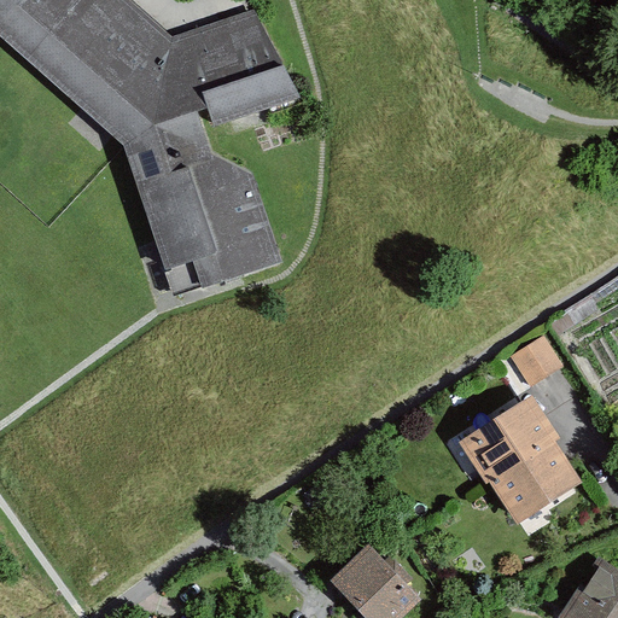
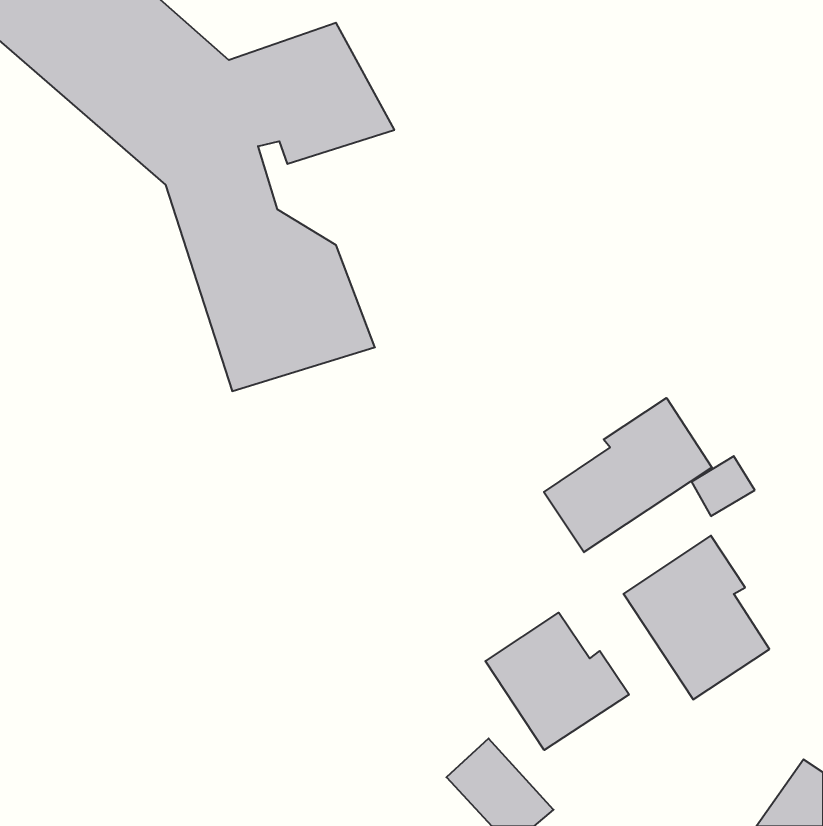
building: none -> [544,398,712,552]
building: none -> [485,613,629,750]

